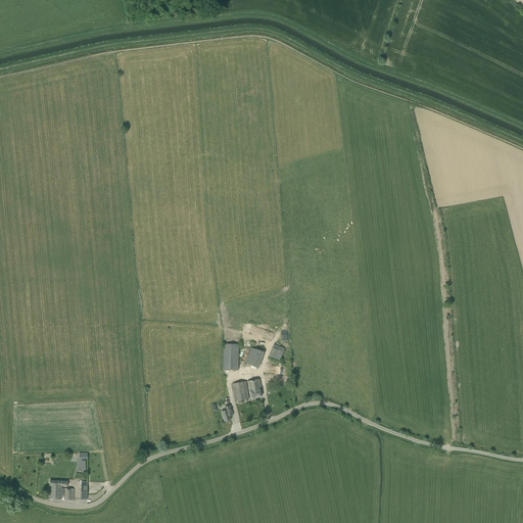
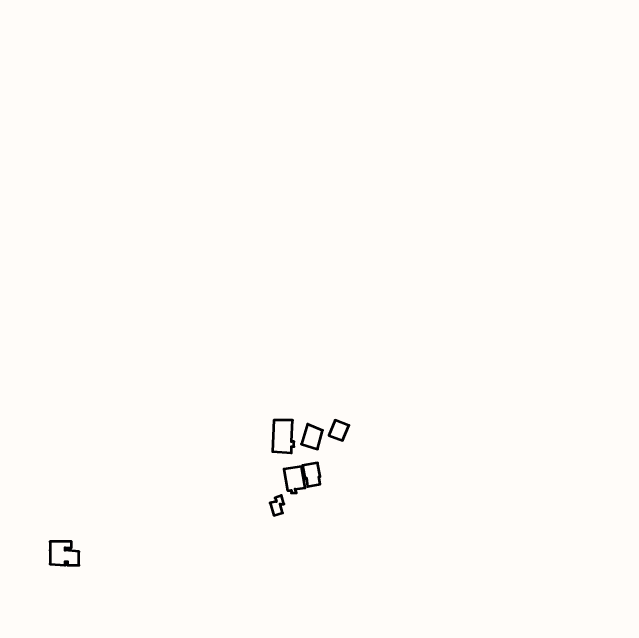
building: [50,480,74,500] -> [50,542,79,565]

